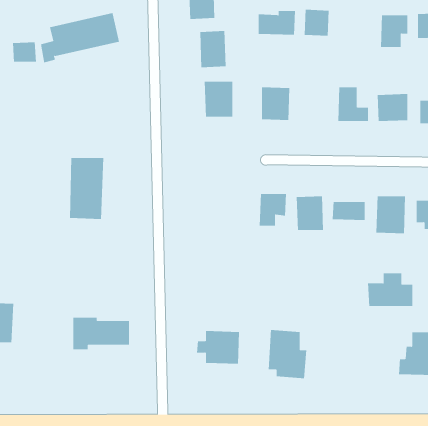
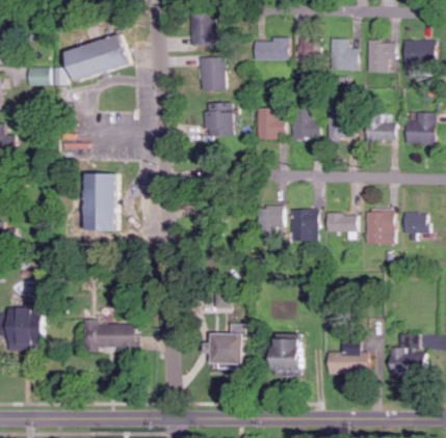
building: none -> [333,38,360,70]
building: none -> [294,111,319,138]
building: [367,273,413,307] -> [325,343,368,374]

